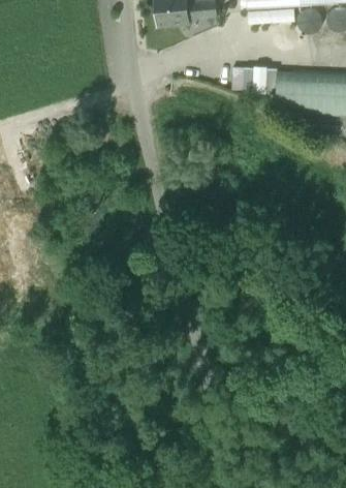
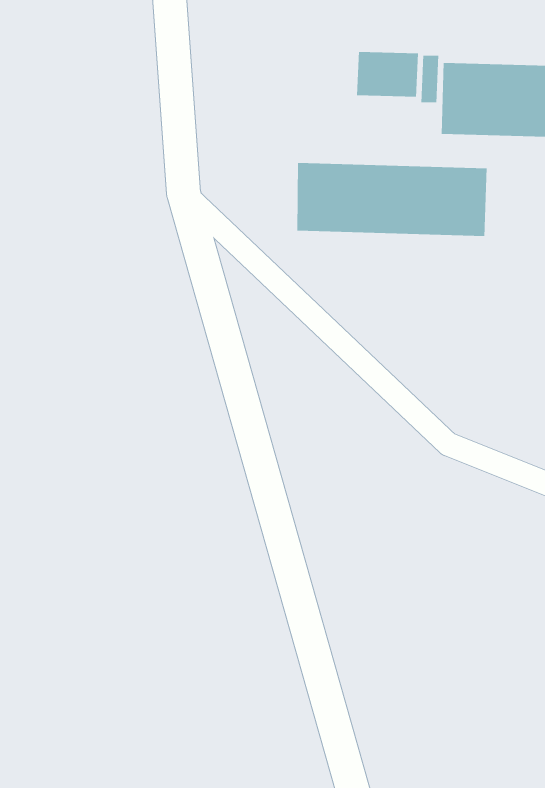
building: none -> [297,162,487,237]

